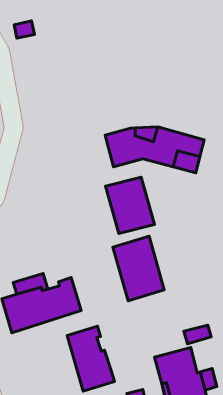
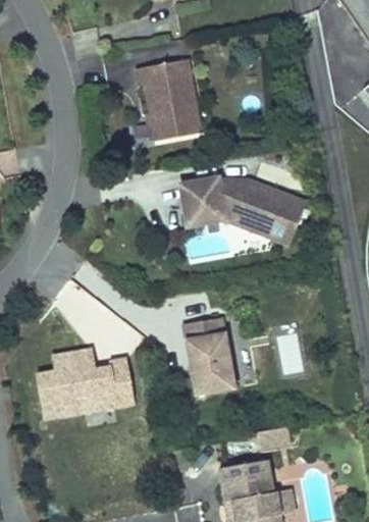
building: none -> [136,55,201,137]
building: [105,177,154,233] -> none
building: [67,326,115,391] -> none

